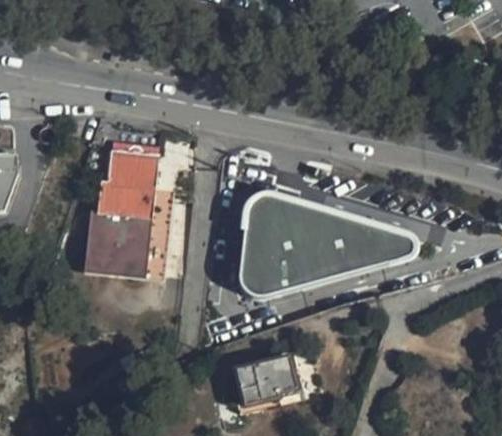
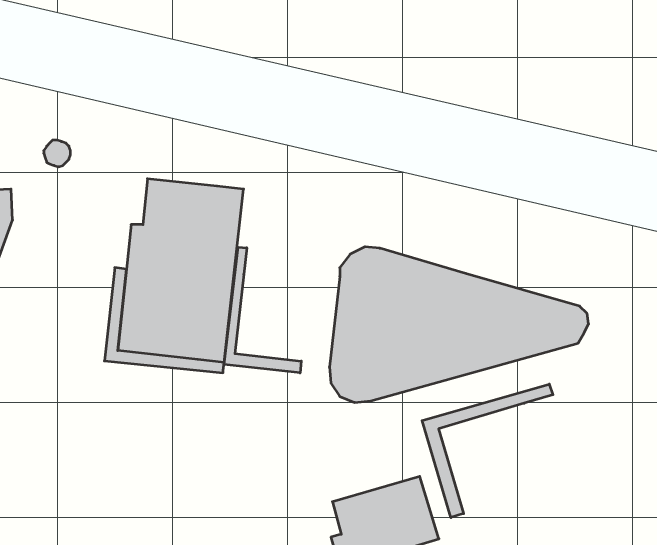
building: none -> [224,247,301,373]
building: none -> [422,384,553,518]

